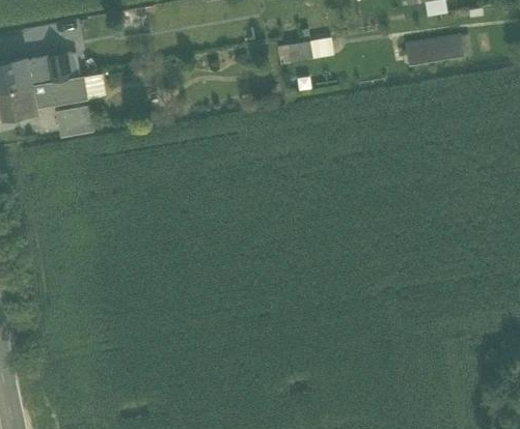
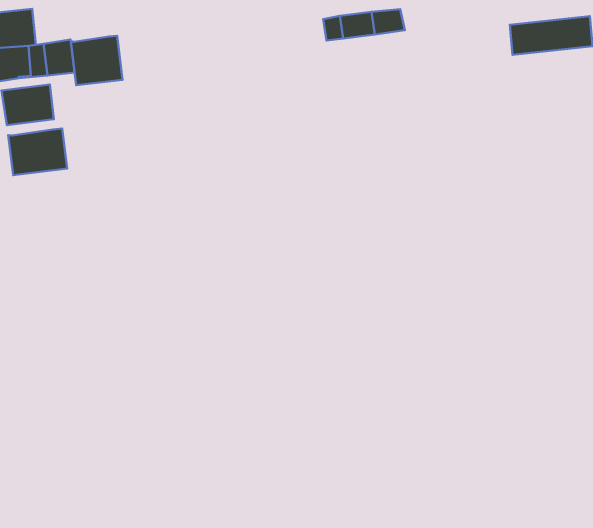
building: none -> [71,36,122,85]
building: none -> [8,129,67,175]

